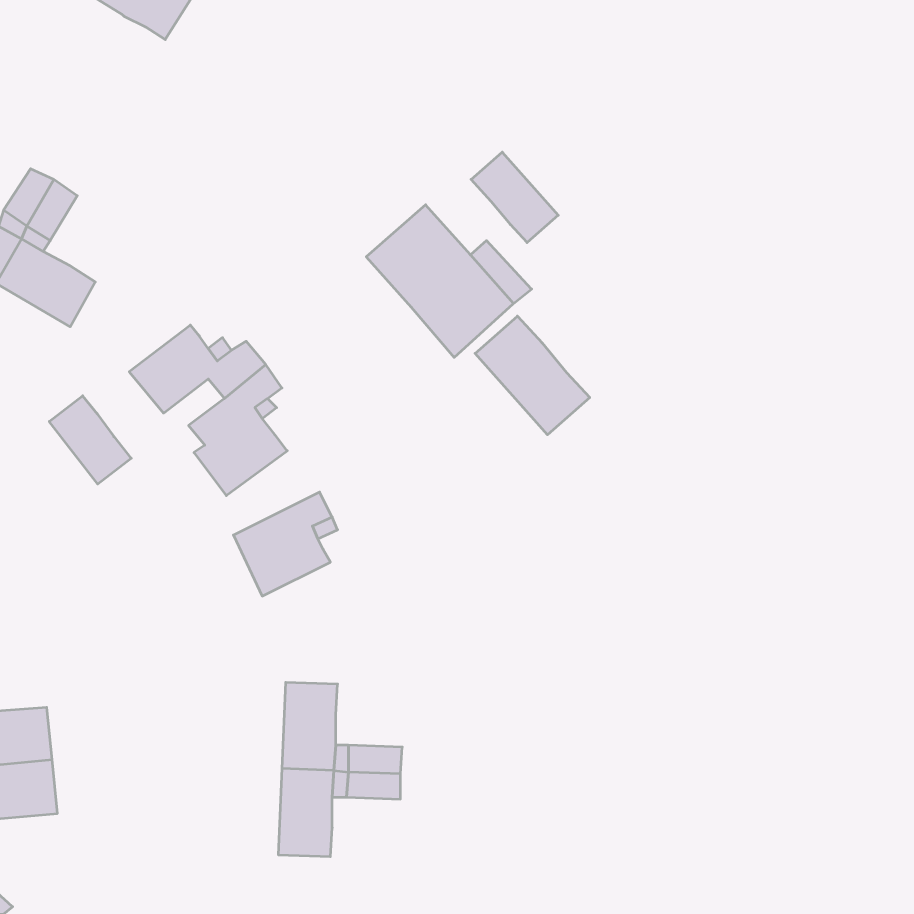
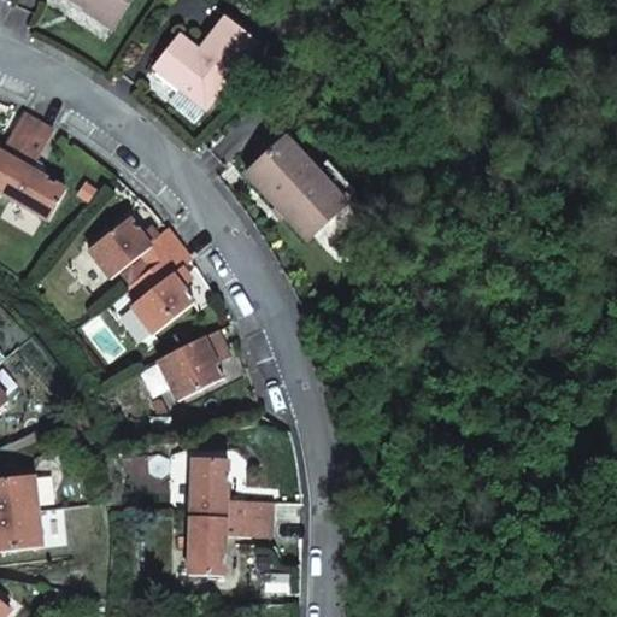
building: none -> [155,20,253,110]
building: [471,152,558,243] -> none
building: [475,316,590,435] -> none
building: [49,396,131,484] -> none

